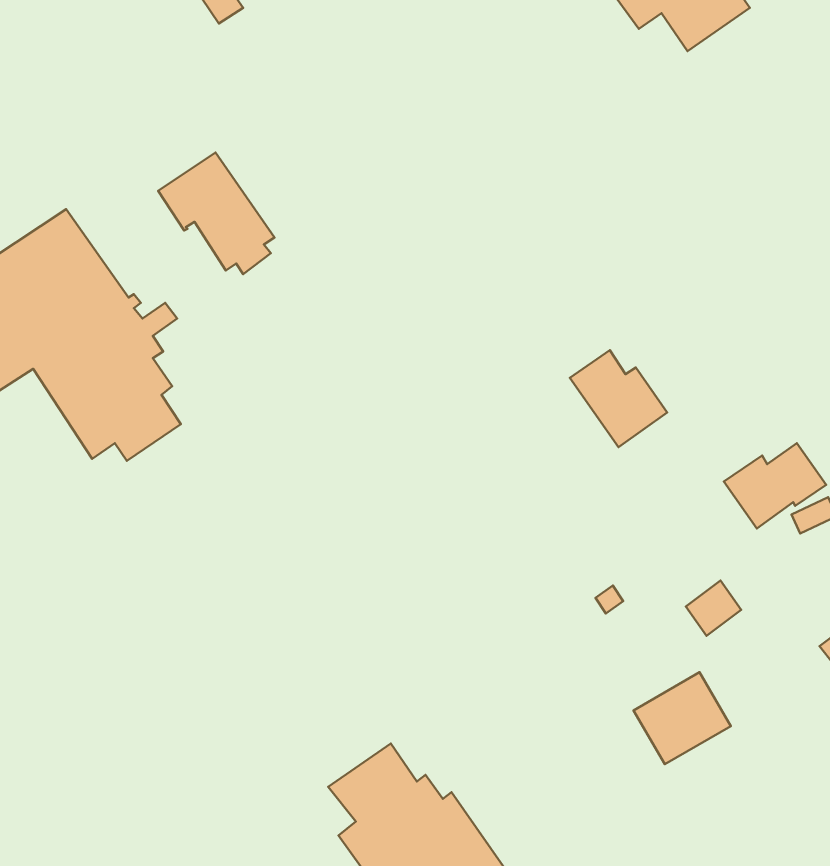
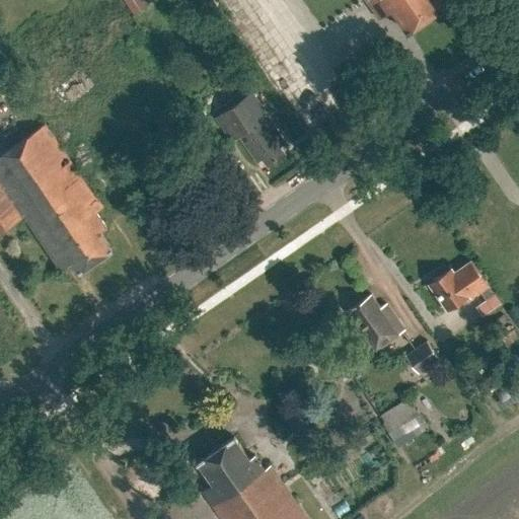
building: [158,153,274,274] -> [218,95,286,166]
building: [570,350,667,447] -> [348,295,404,352]

